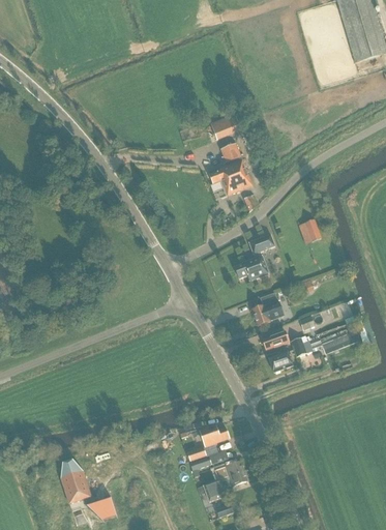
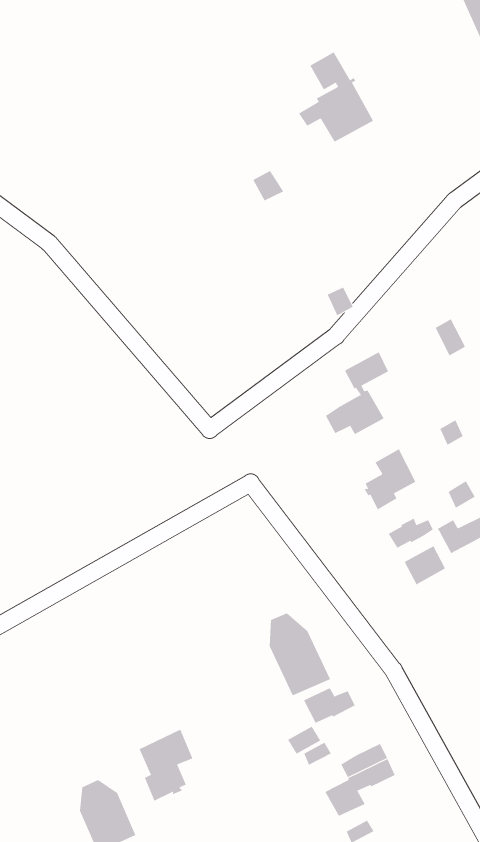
building: [209,142,253,195] -> [298,51,374,142]
building: none -> [269,612,331,696]
building: none -> [139,729,193,802]

